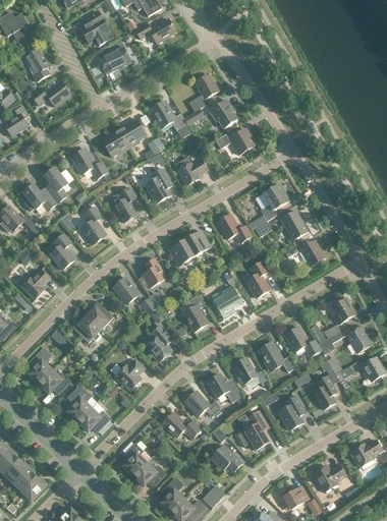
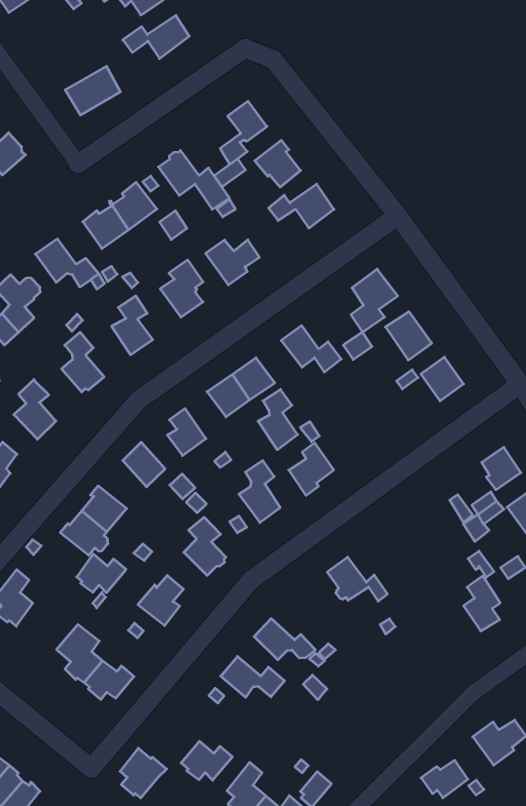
building: [80,10,109,46] -> none
building: [245,262,269,298] -> [258,389,298,450]
building: [284,327,320,355] -> none
building: [258,342,295,372] -> none
building: [40,369,70,394] -> [77,554,126,593]
building: [207,374,241,403] -> none
building: [278,396,306,430] -> none
building: [244,411,269,450] -> none
building: [122,444,151,474] -> [120,748,167,798]
building: [210,445,241,471] -> none

